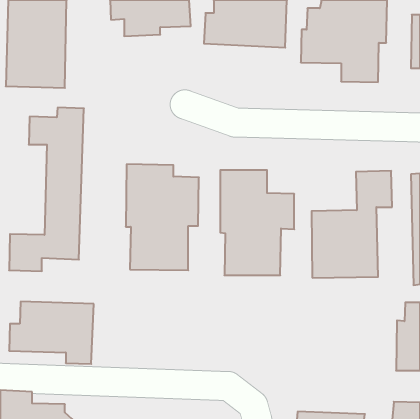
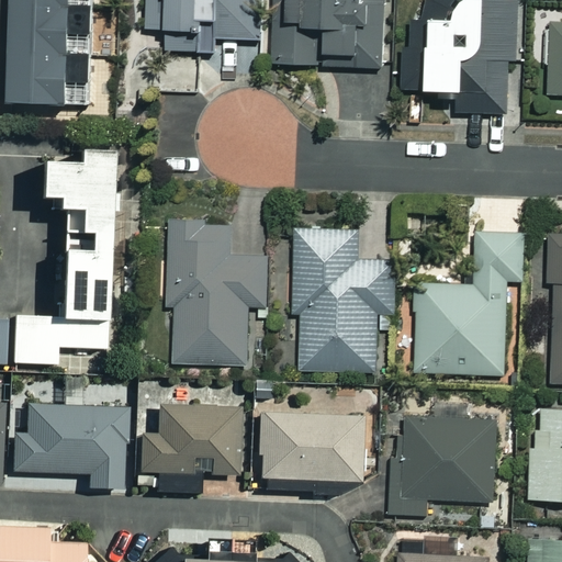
building: none -> [138,405,241,494]
building: none -> [390,416,495,514]
building: none -> [257,426,359,493]

